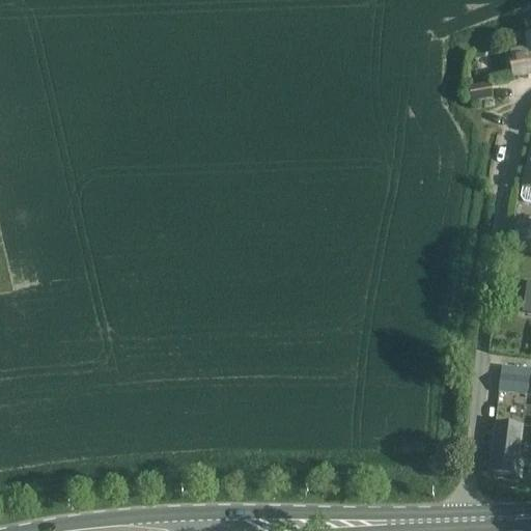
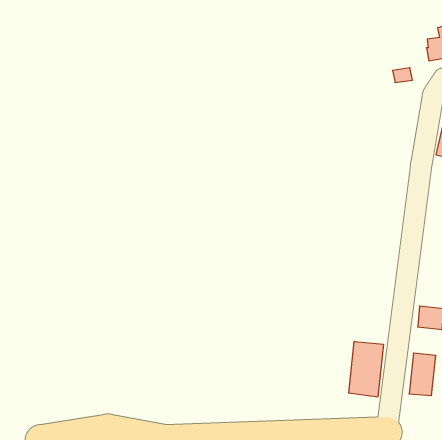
building: none -> [349,341,383,397]

